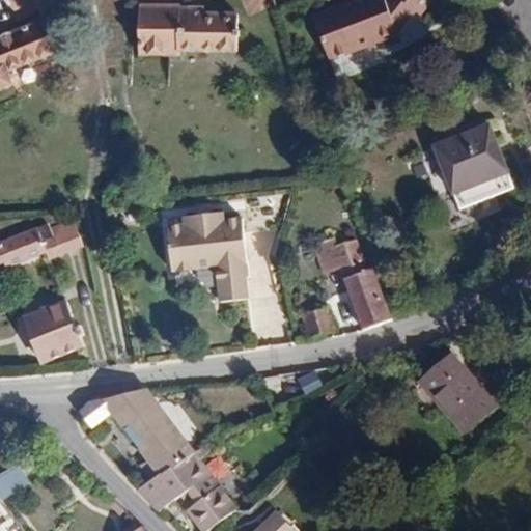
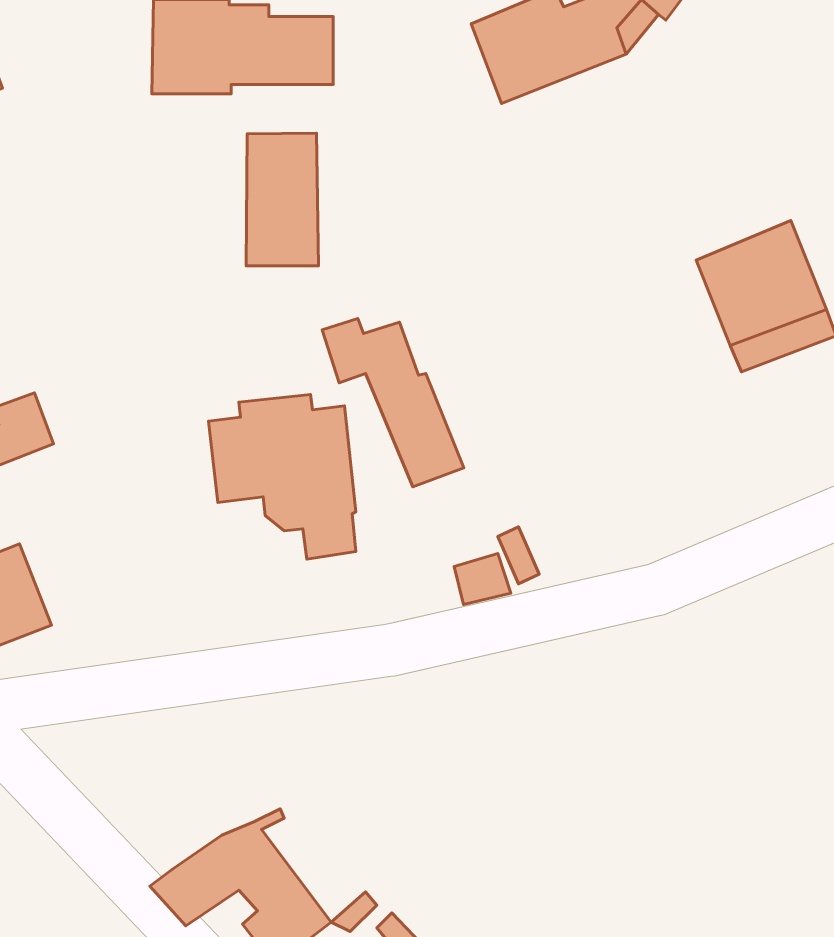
building: none -> [246,133,319,266]
building: [313,236,391,329] -> [322,319,464,487]
building: [418,353,494,430] -> none
building: [77,387,192,479] -> none

